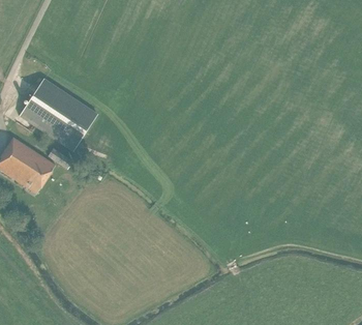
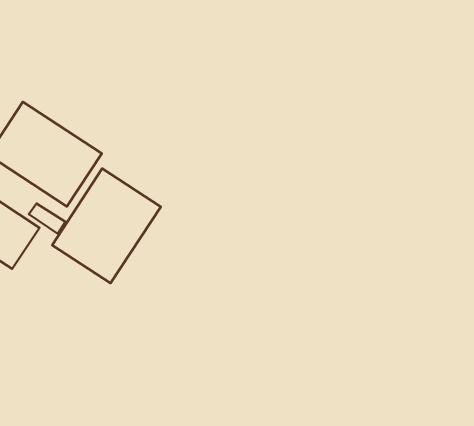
building: none -> [52,169,161,283]

